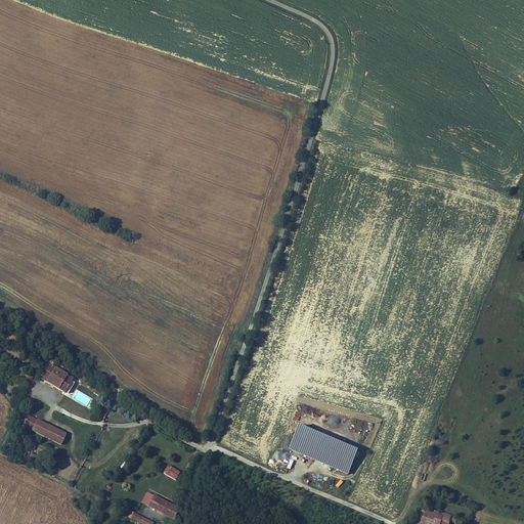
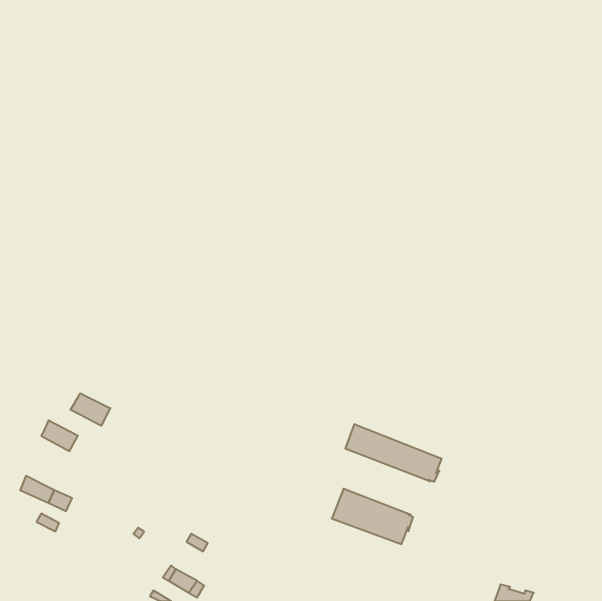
building: none -> [71,393,110,426]
building: none -> [346,424,441,482]

